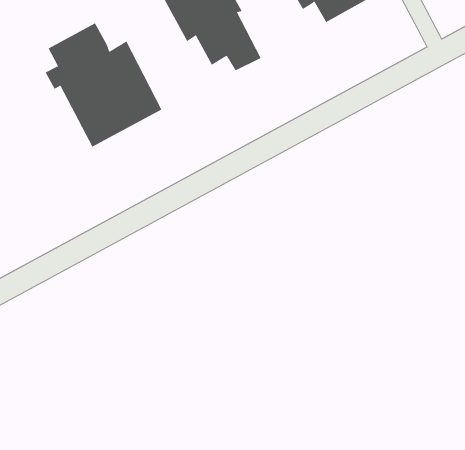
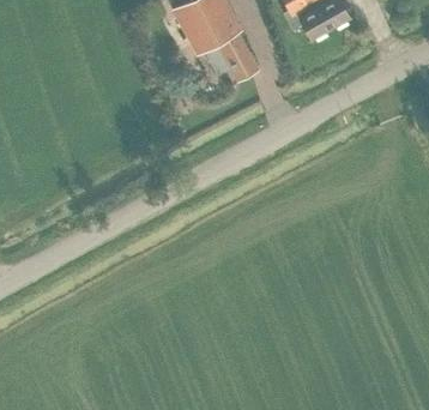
building: [45,23,162,147] -> none

